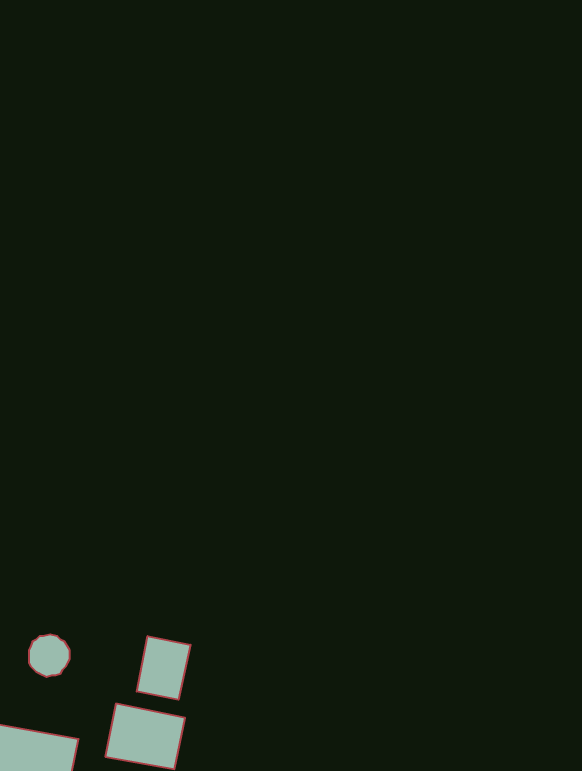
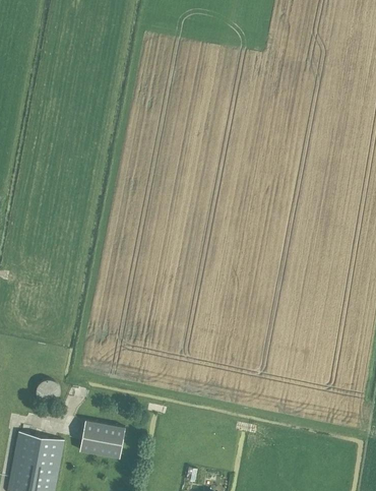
building: [137,636,191,700] -> none

